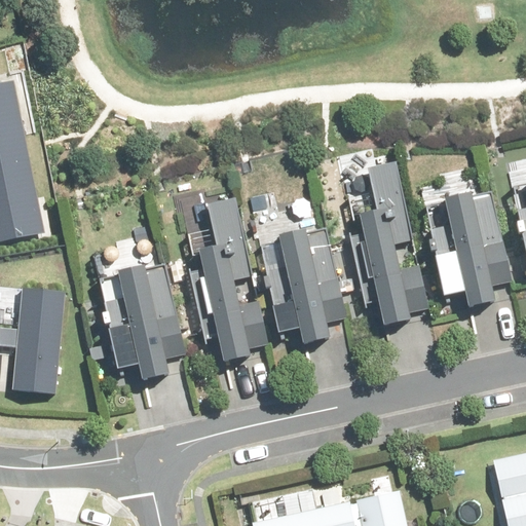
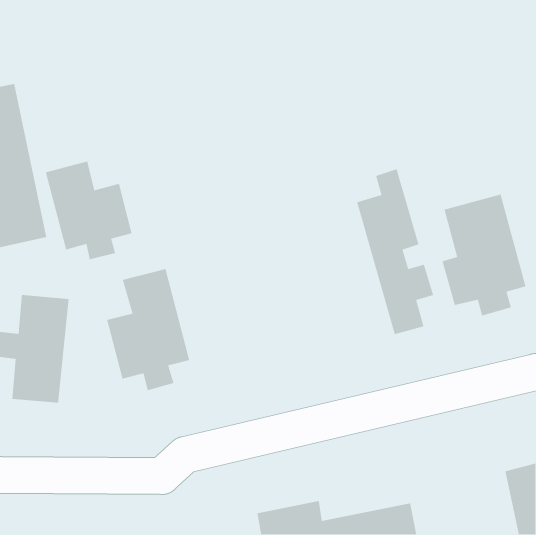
building: none -> [45,160,133,260]
building: [188,199,265,364] -> none
building: [263,230,352,342] -> none

